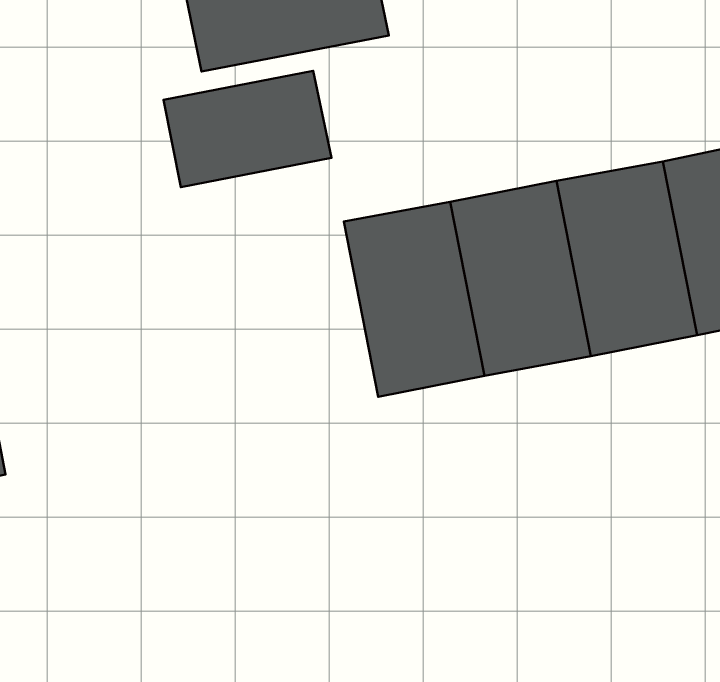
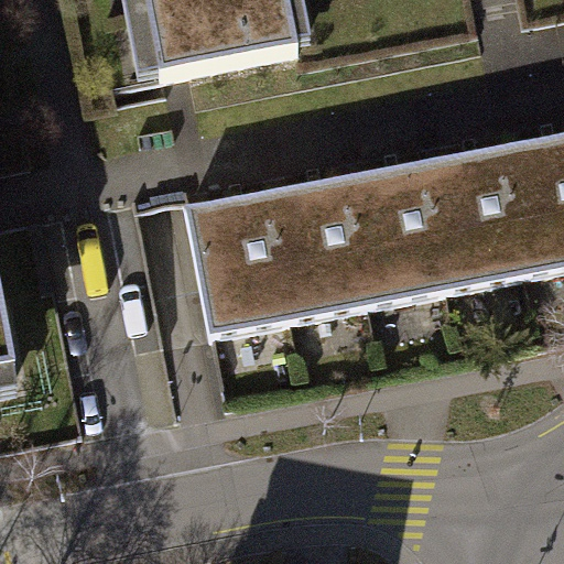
building: [164,71,331,187] -> none
building: none -> [187,189,291,333]

